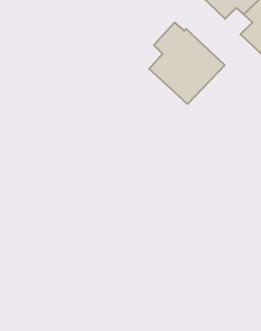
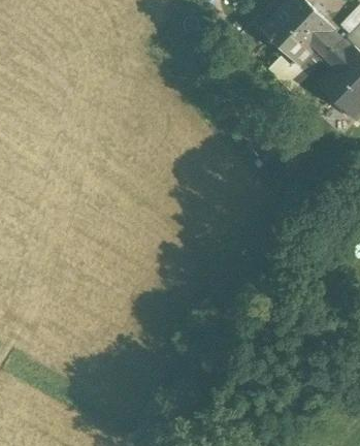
building: [149,22,225,104] -> none

